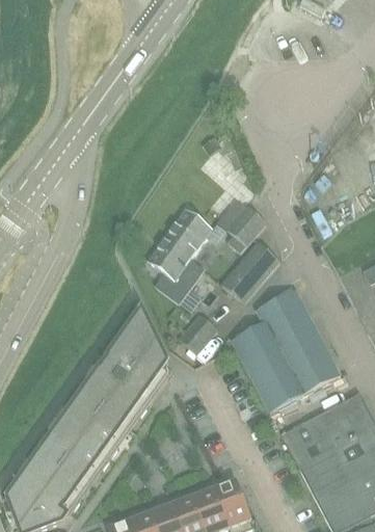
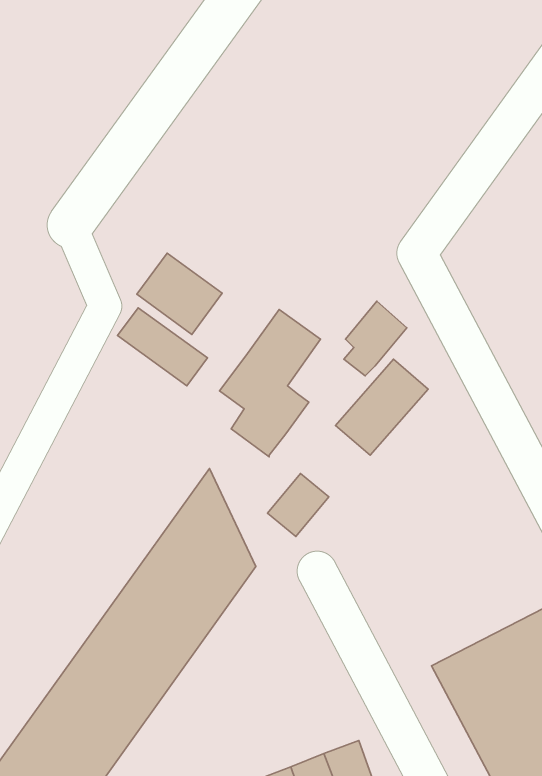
building: none -> [137,253,222,334]
building: none -> [118,308,207,386]
building: [230,289,339,411] -> none

